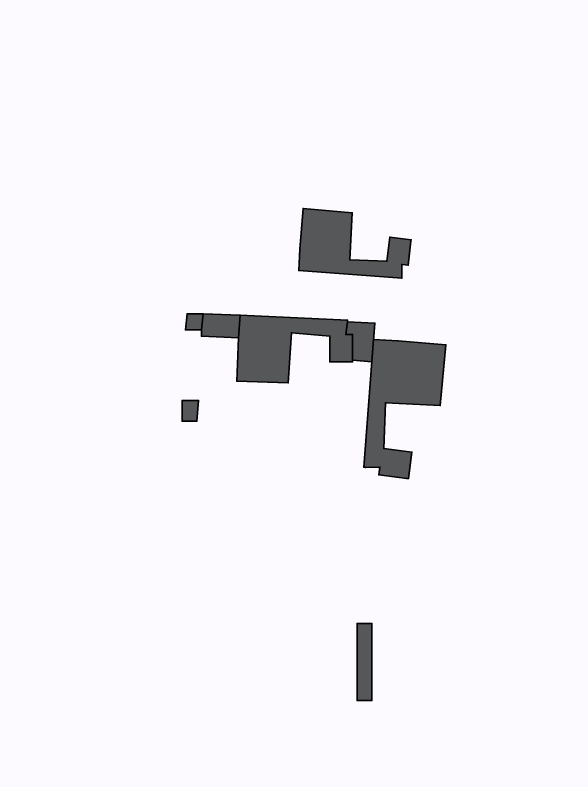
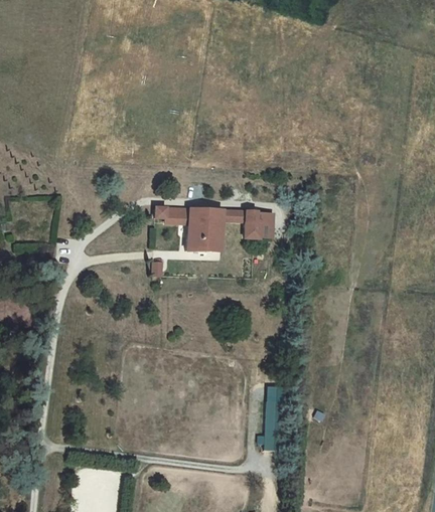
building: [299,208,411,278] -> none
building: [364,340,446,479] -> none

